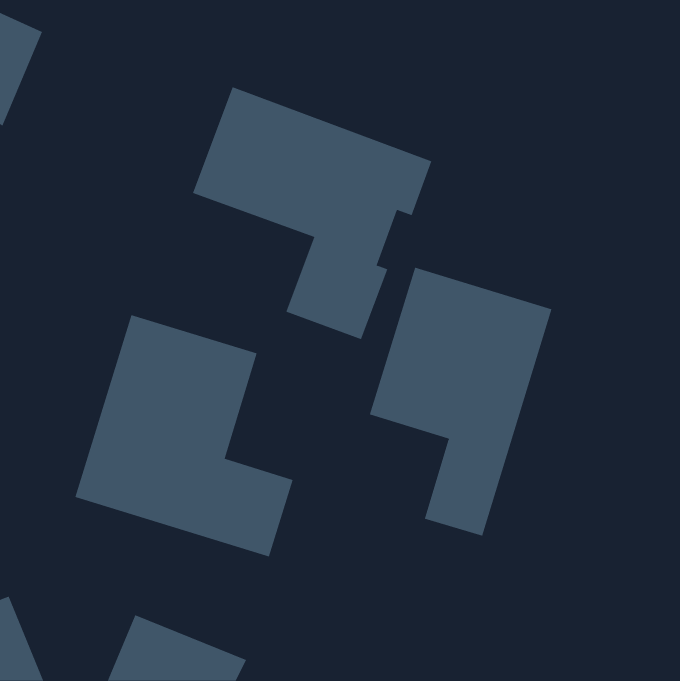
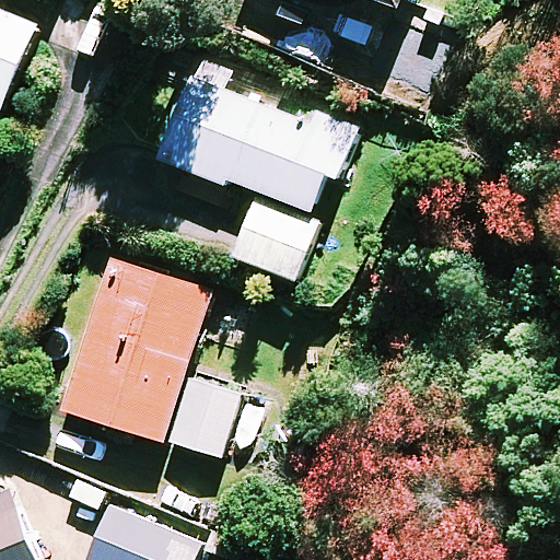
building: [369,267,552,537] -> none

